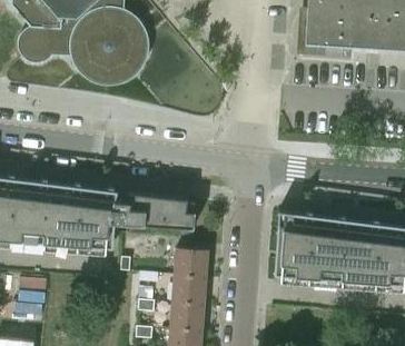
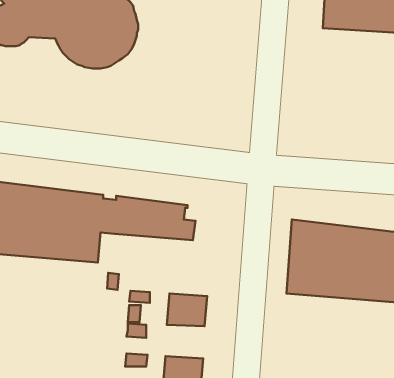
building: [174,247,208,276] -> none
building: [170,300,204,329] -> none

